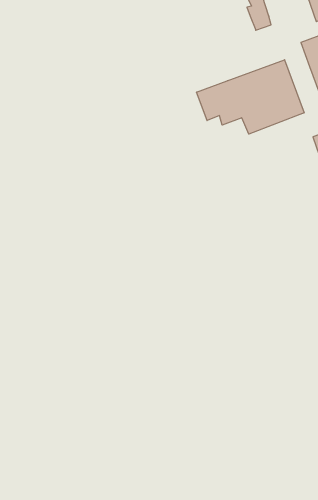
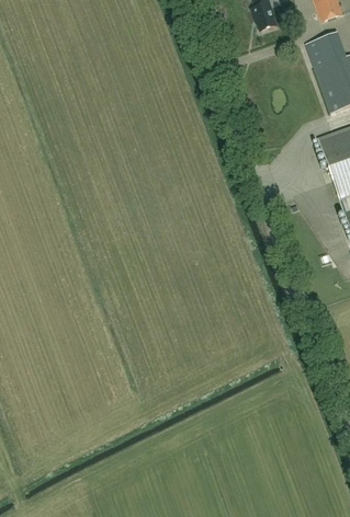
building: [197,60,304,134] -> none

